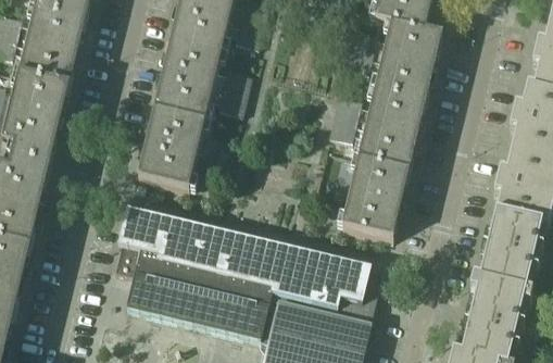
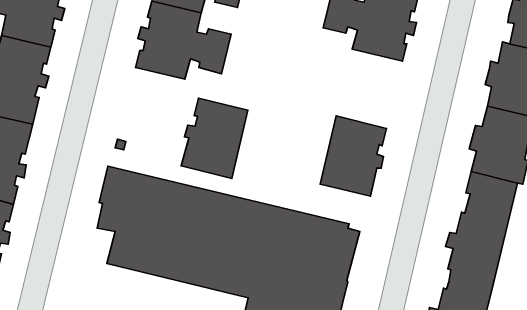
building: [328,88,425,168] -> none
building: [137,107,204,188] -> [181,98,248,179]

